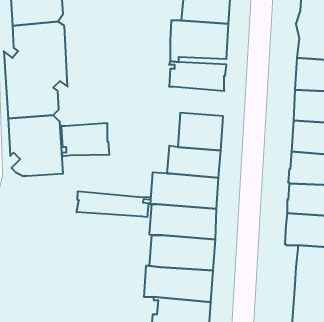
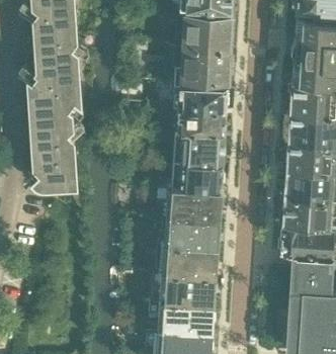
building: none -> [173,109,225,137]
building: [62,123,109,156] -> none
building: [77,191,151,217] -> none

